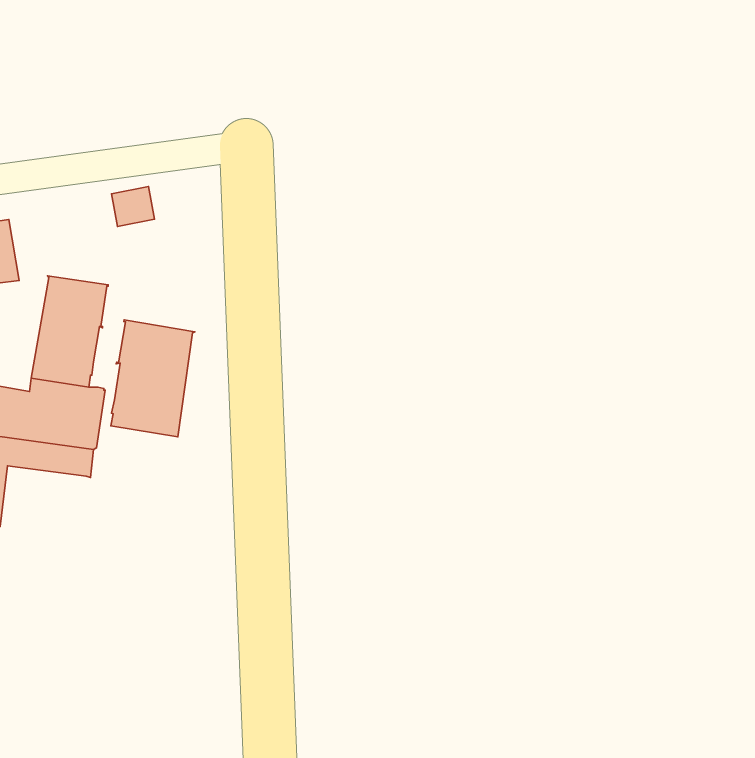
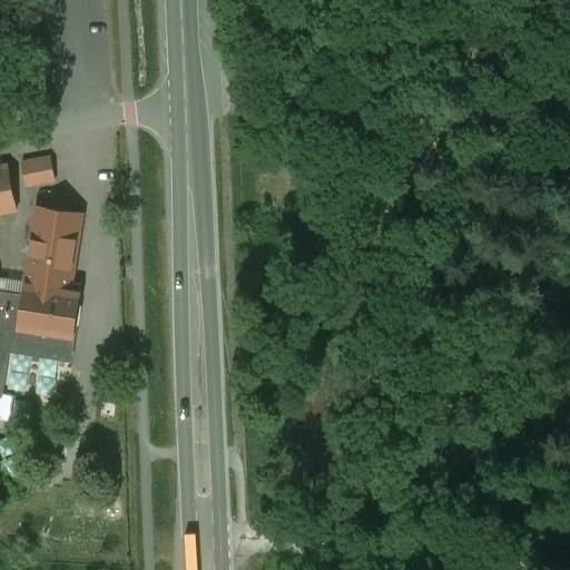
building: [111,186,154,227] -> [21,156,53,186]
building: [111,320,195,437] -> none

